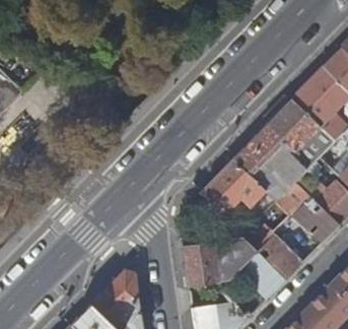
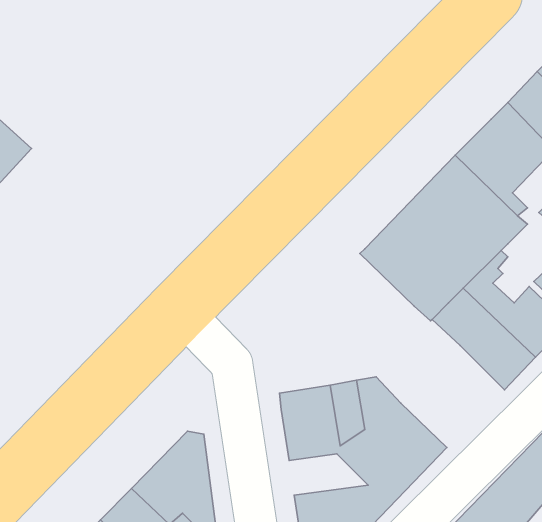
building: [200,159,266,215] -> none
building: [258,216,322,279] -> none

